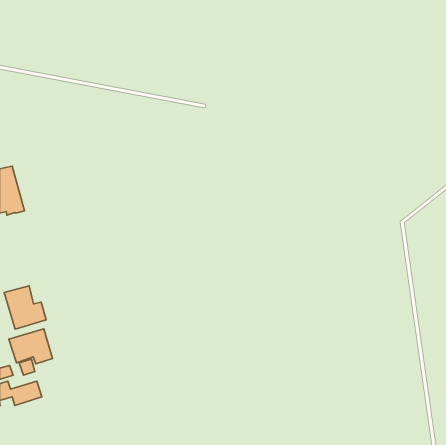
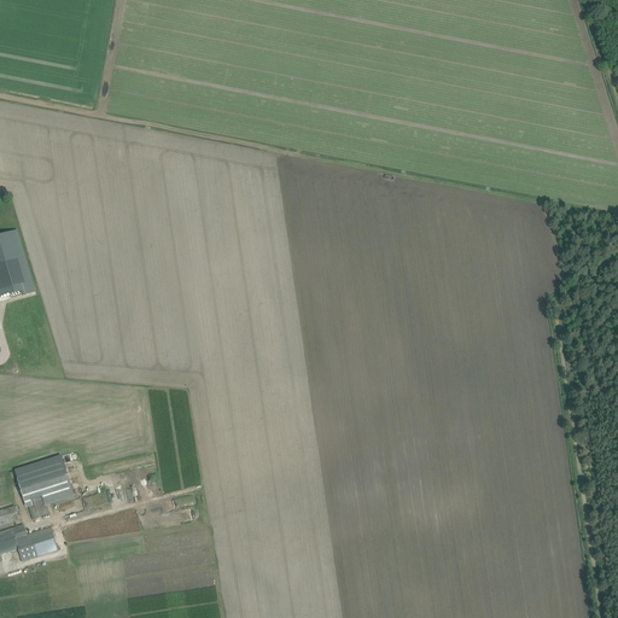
building: [4,286,46,329] -> none

